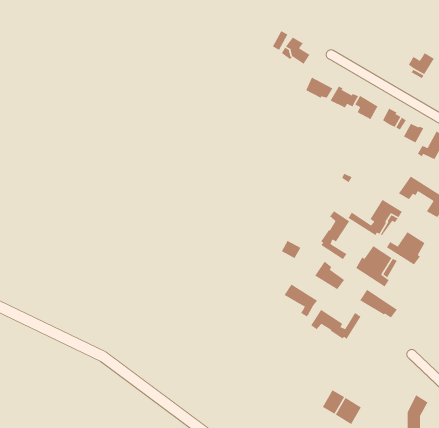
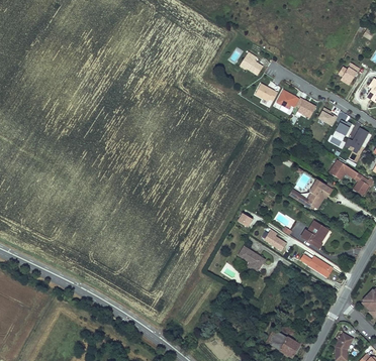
building: [320,210,350,260] -> none
building: [386,231,426,266] -> none
building: [310,309,362,340] -> none

